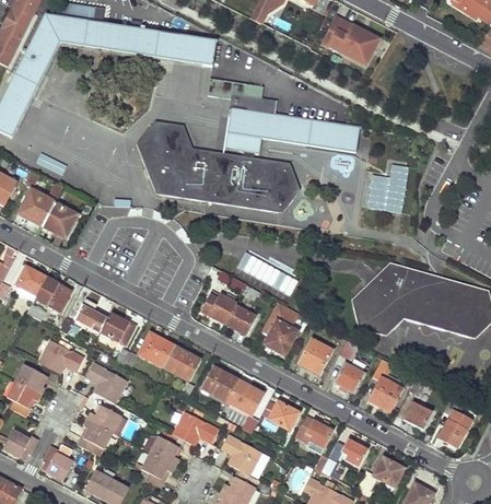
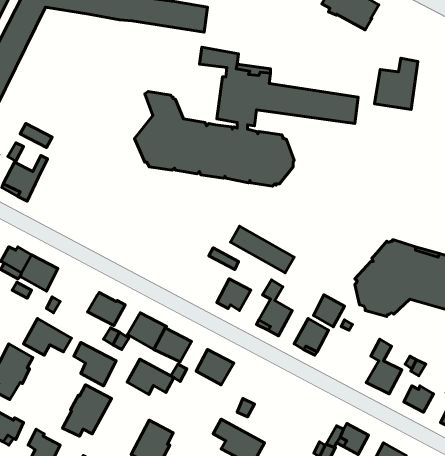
building: [136,120,162,166] -> none
building: [366,163,408,212] -> [375,58,418,110]
building: [42,203,77,237] -> none
building: [198,285,236,324] -> none
building: [73,298,108,333] -> none
building: [332,362,362,392] -> [314,295,344,327]
building: [227,382,265,415] -> none
building: [268,402,300,432] -> none
building: [173,412,218,446] -> [127,359,174,395]
building: [295,418,334,449] -> none

